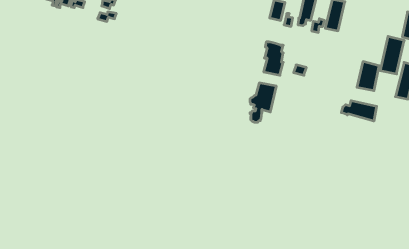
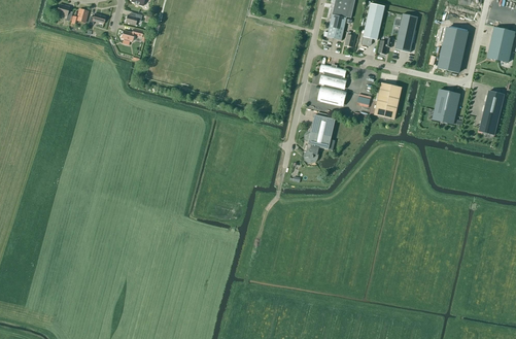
building: [380,36,404,74] -> [439,27,468,72]
building: none -> [373,82,401,120]
building: [341,101,377,121] -> none

